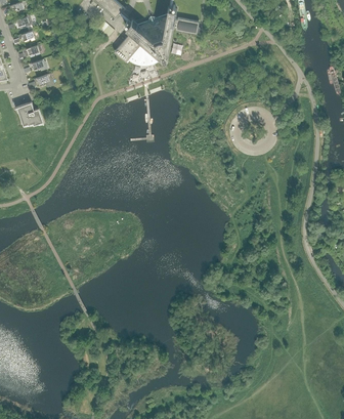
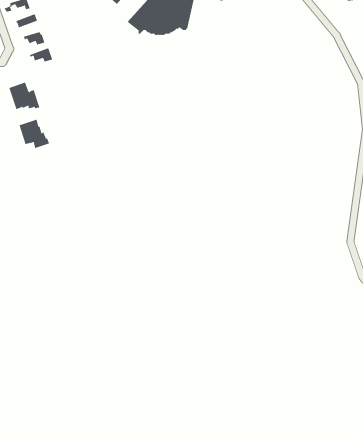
building: none -> [19,119,50,149]

